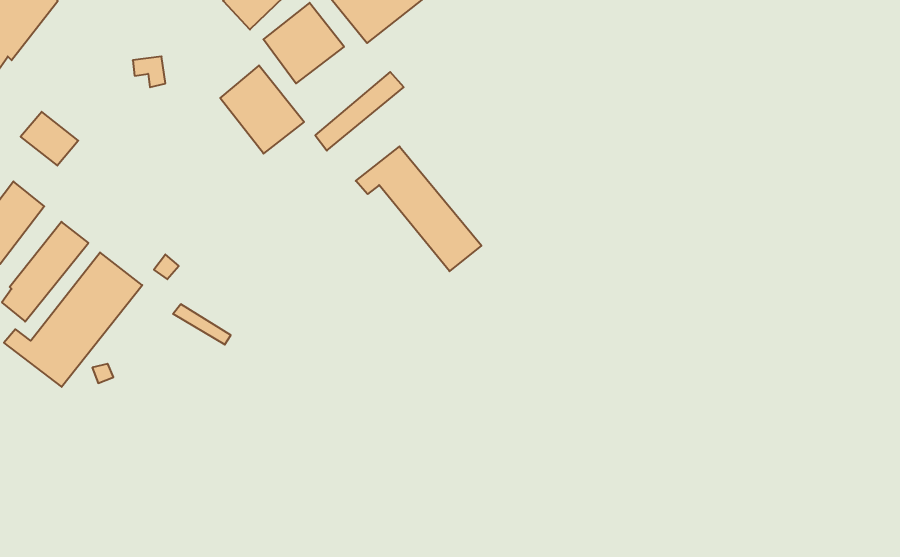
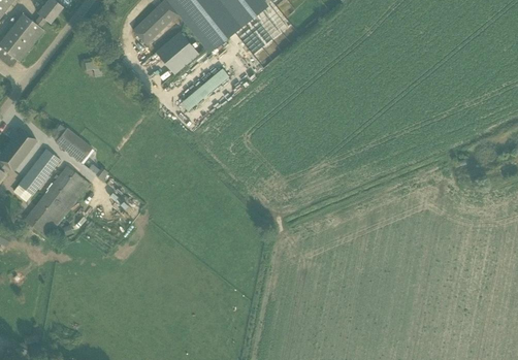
building: [220,65,304,154] -> none
building: [21,112,78,166] -> [55,127,86,156]
building: [356,146,481,271] -> none

